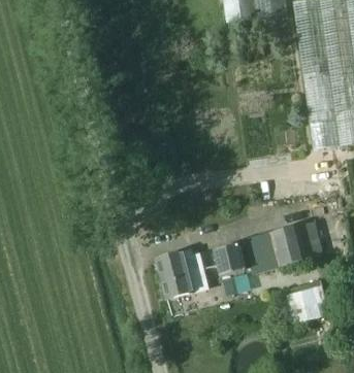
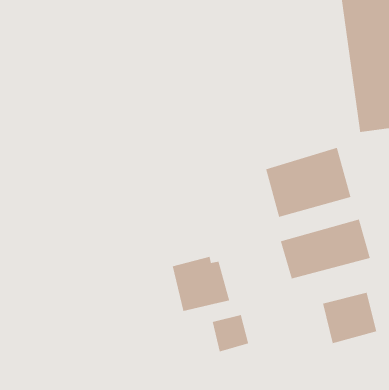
building: none -> [265,147,352,218]
building: [214,243,245,275] -> [212,314,249,353]

